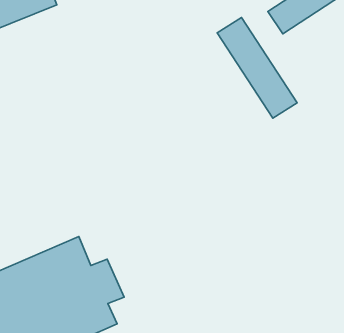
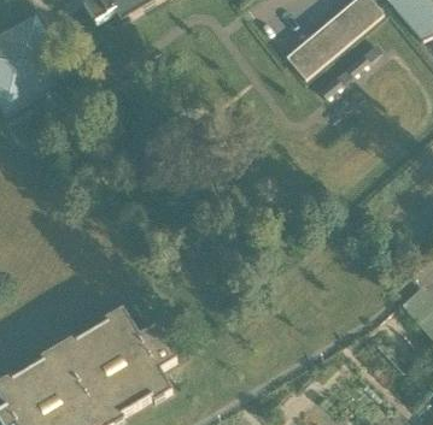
building: [217,17,297,118] -> none

